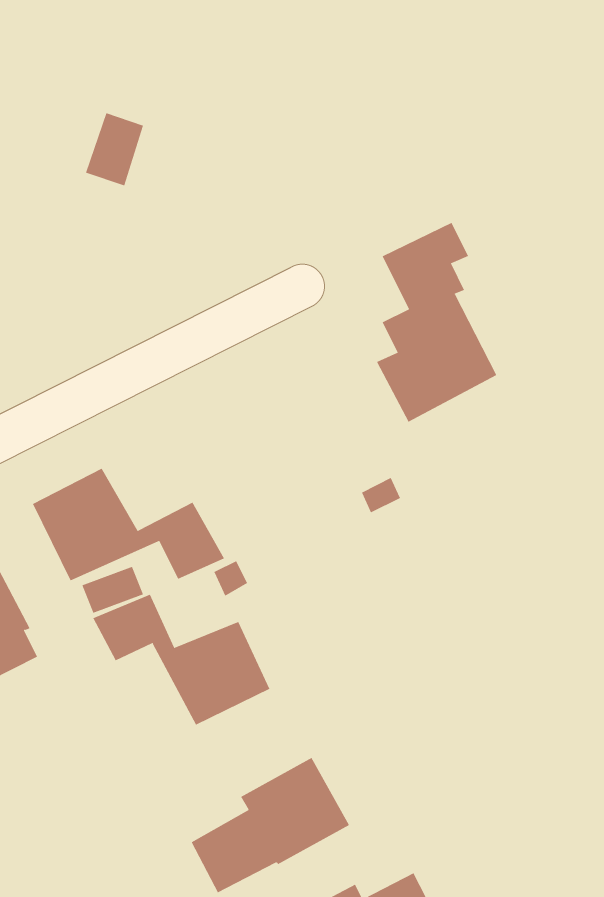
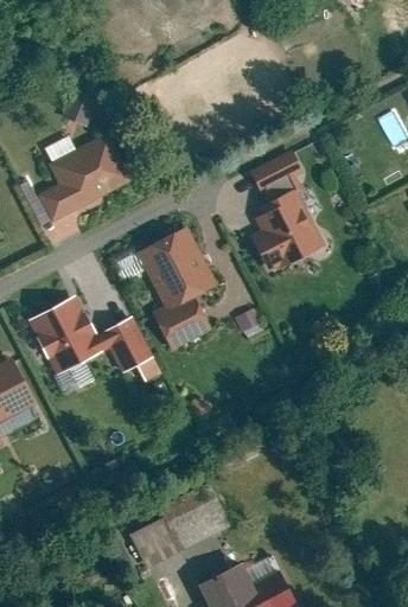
building: none -> [38,134,126,219]
building: none -> [136,224,216,351]
building: [92,594,270,726] -> none

